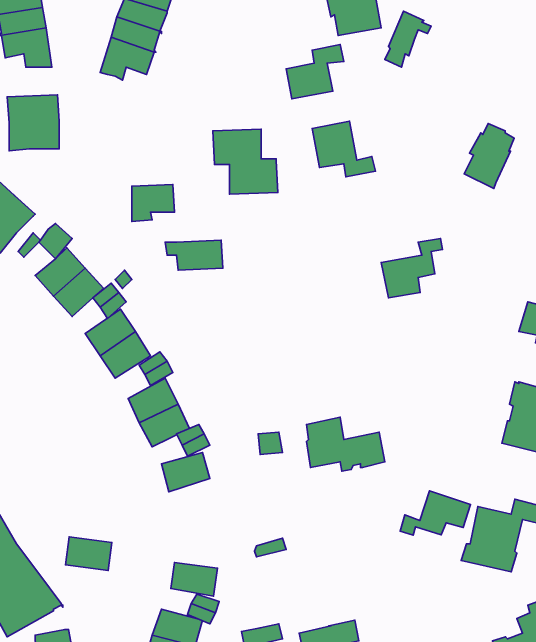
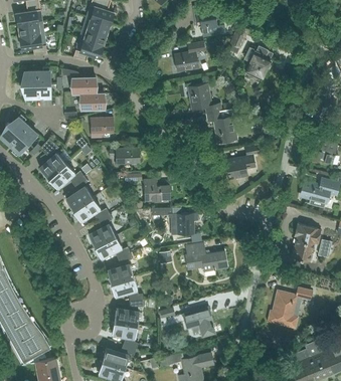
building: [464,123,514,189] -> [245,45,273,80]
building: [213,129,278,194] -> [70,75,106,111]
building: none -> [206,111,237,142]
building: none -> [144,179,170,201]
building: none -> [152,208,197,234]
building: none -> [111,276,143,302]
building: [400,491,470,535] -> none
building: none -> [182,308,216,338]
building: [65,537,112,570] -> [114,307,139,325]

